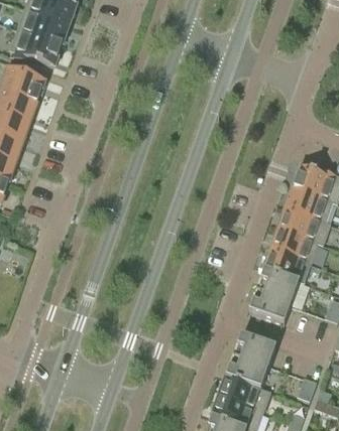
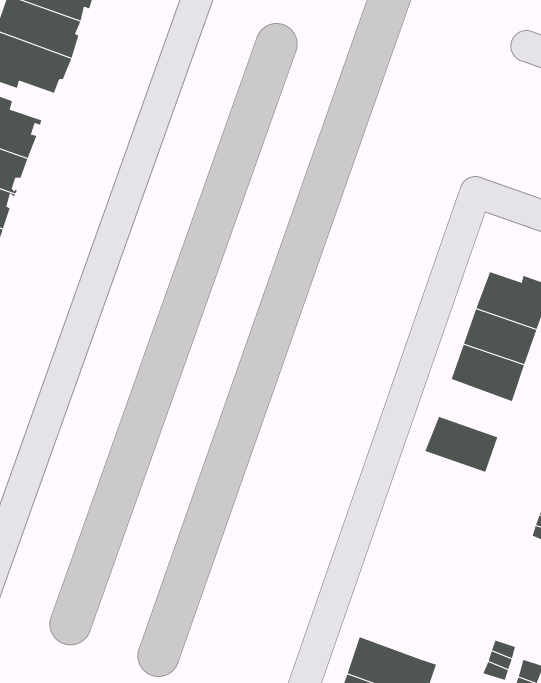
building: [272,229,315,262] -> none
building: [250,270,300,324] -> none
building: [227,335,276,389] -> none

